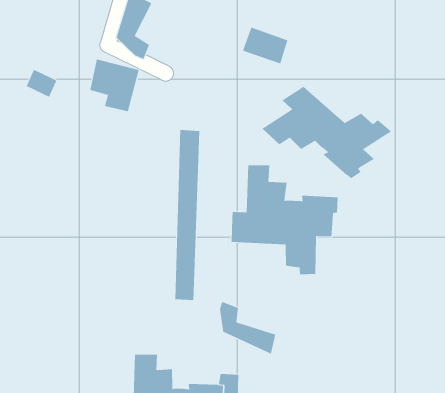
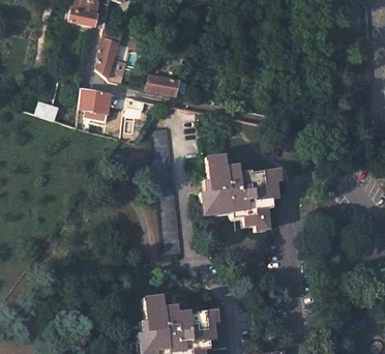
building: [242,27,288,64] -> [148,70,181,95]
building: [261,86,392,179] -> none
building: [219,301,276,355] -> none

